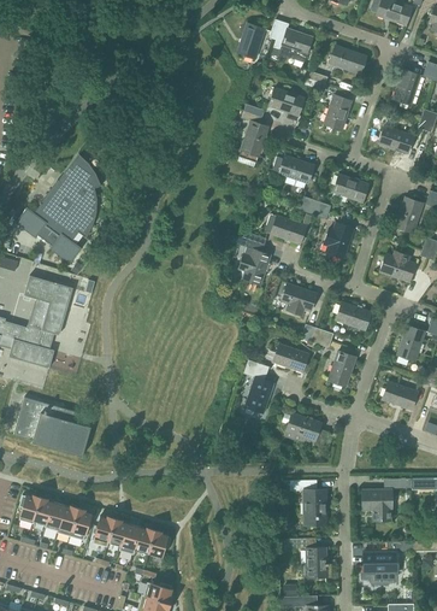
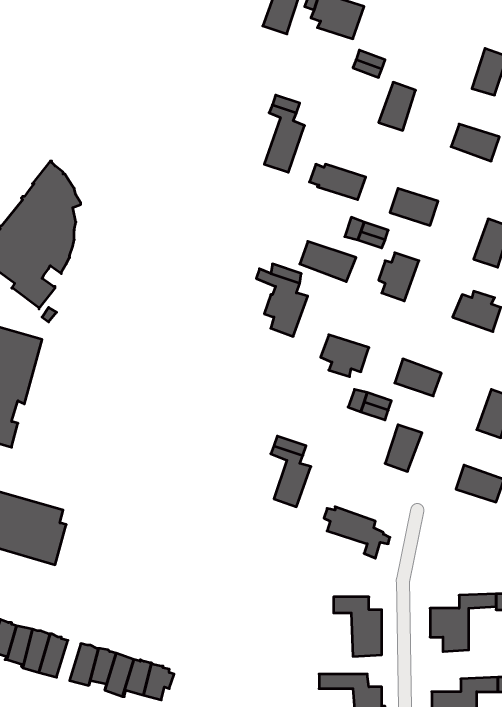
building: [329,46,367,75] -> none
building: [268,88,305,117] -> none
building: [273,345,308,372] -> none

